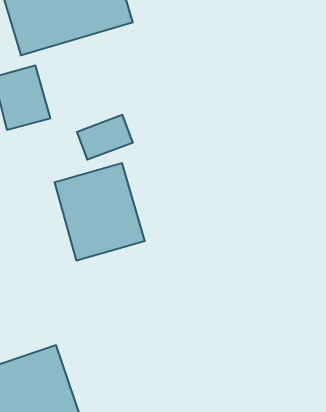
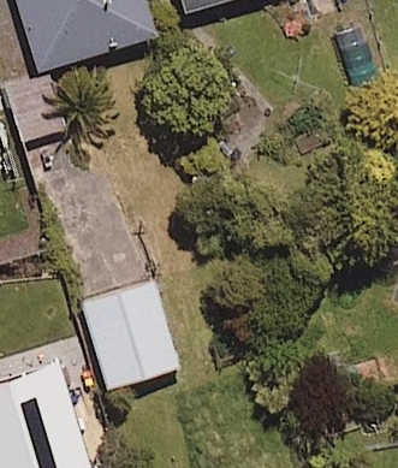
building: [54,163,145,260] -> [85,288,180,390]

